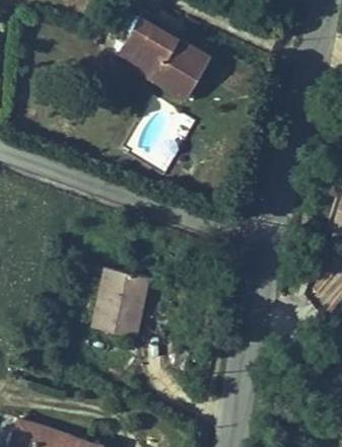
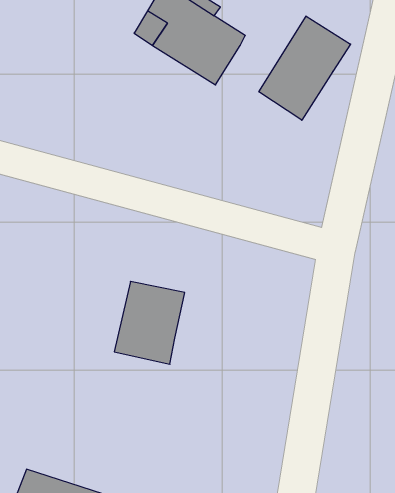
building: none -> [259,16,351,120]

